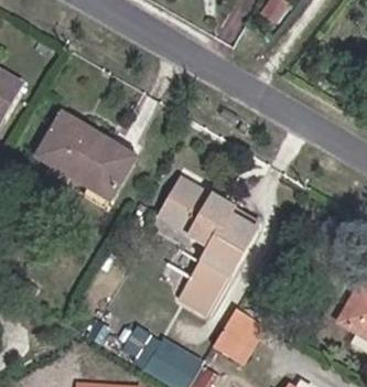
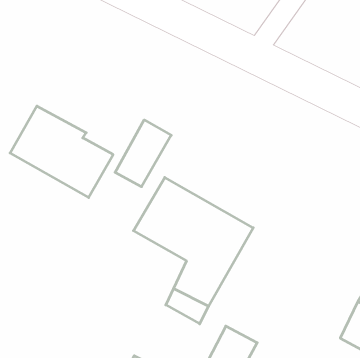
building: none -> [115,120,171,187]

